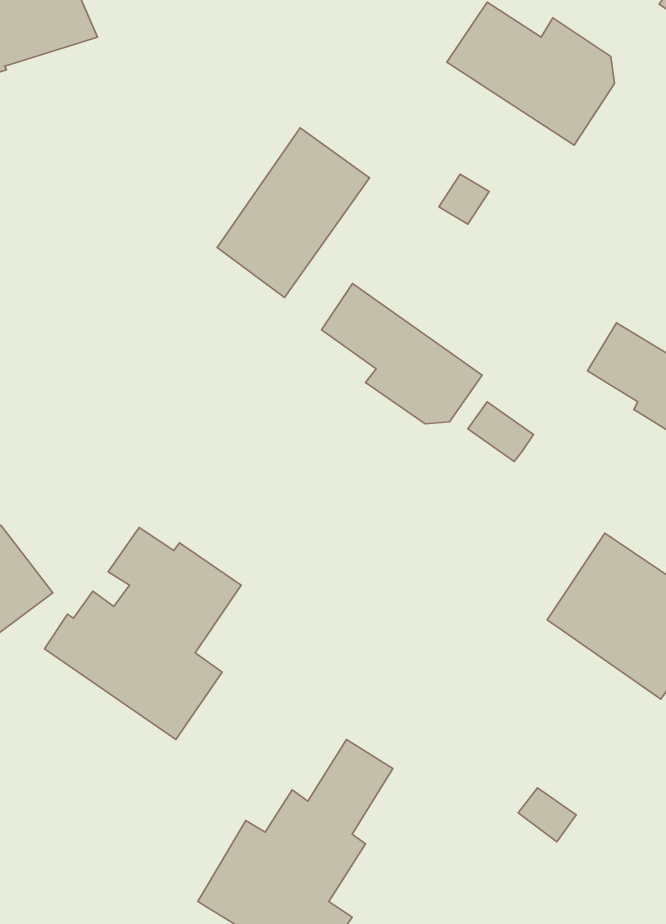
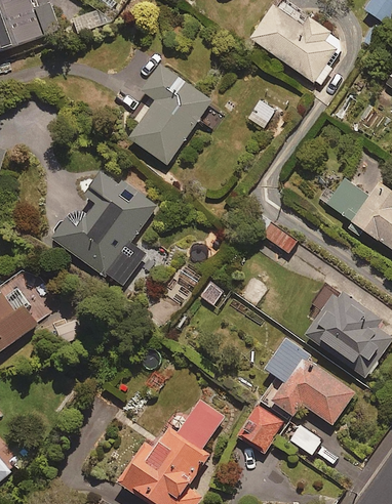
building: [321,283,482,424] -> none
building: [44,527,241,740] -> [50,174,155,287]
building: none -> [265,340,353,424]
building: none -> [238,404,283,451]

